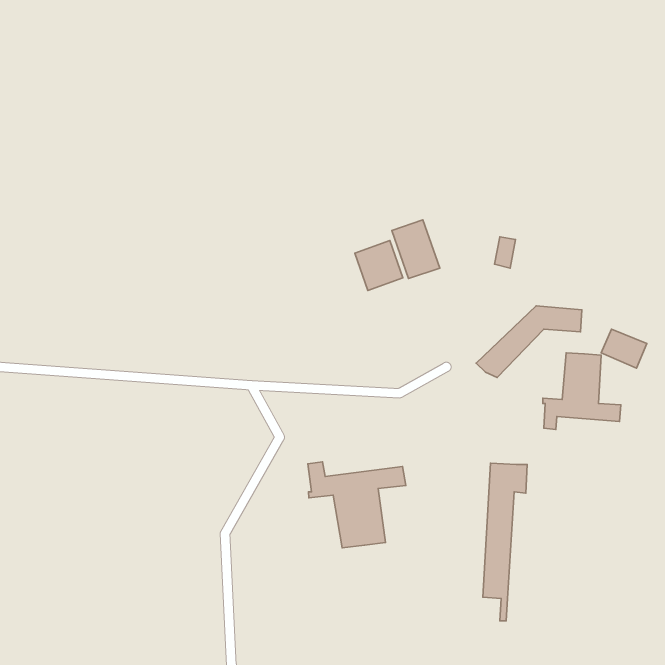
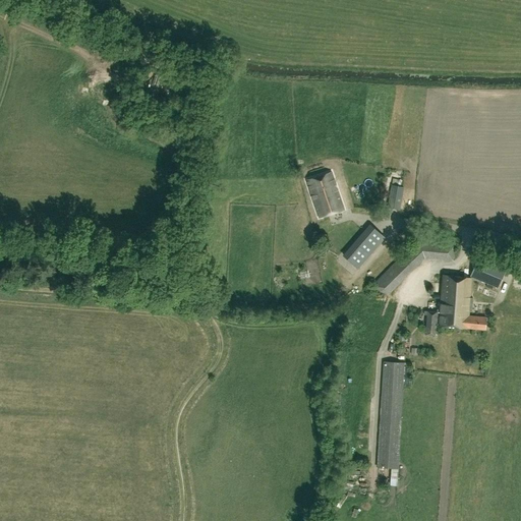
building: [355,240,403,290] -> none
building: none -> [345,235,377,269]
building: [308,462,406,548] -> none

